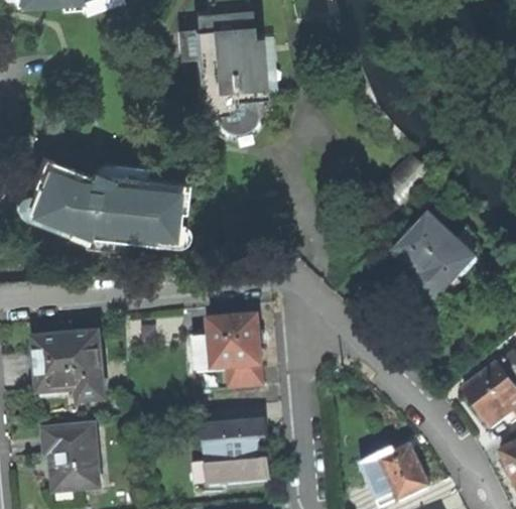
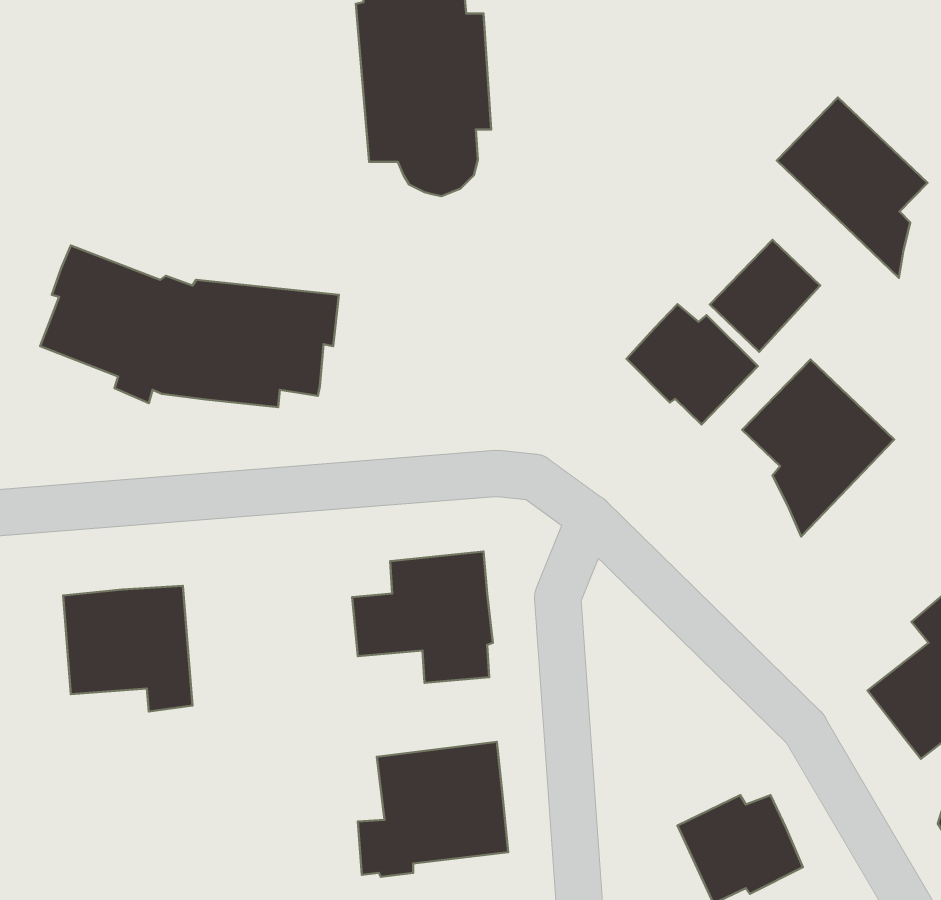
building: none -> [777,98,927,278]
building: none -> [627,304,758,425]
building: [43,424,99,491] -> none

